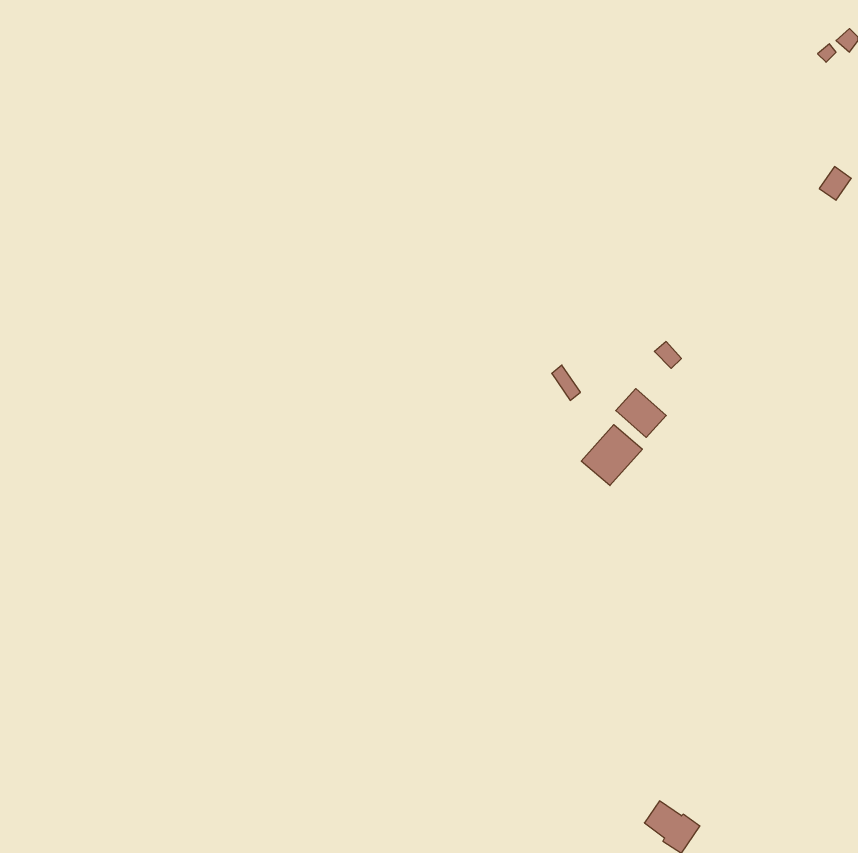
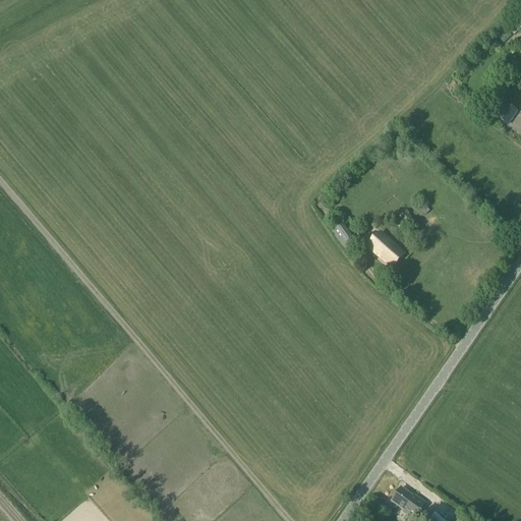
building: [581,425,642,486] -> none

